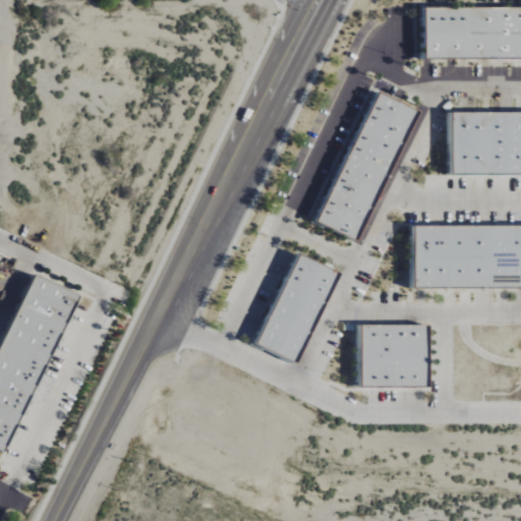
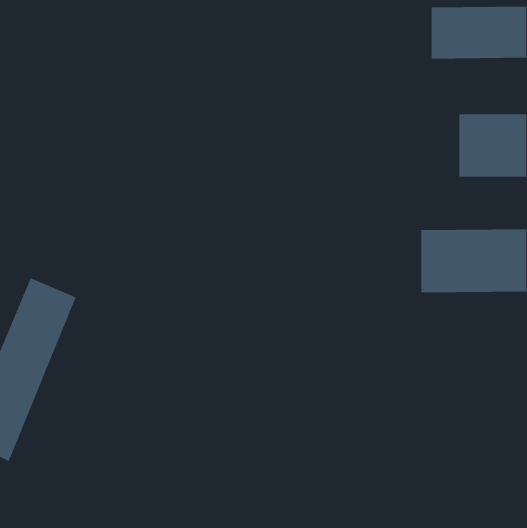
building: [319,92,413,240] -> none
building: [257,253,335,363] -> none
building: [359,325,428,388] -> none

